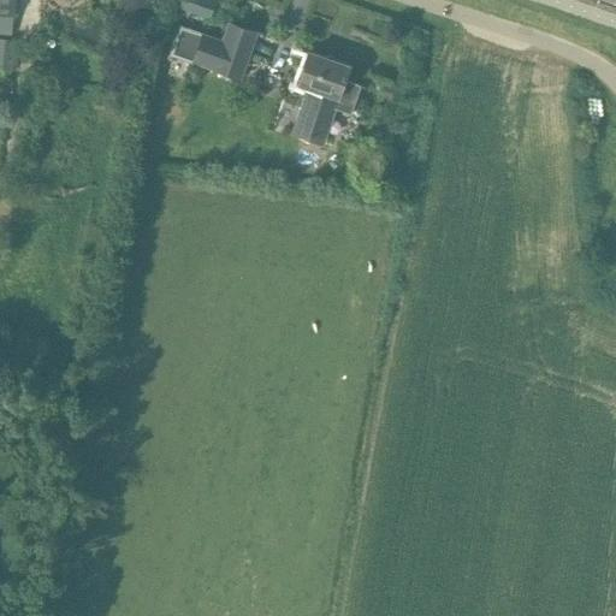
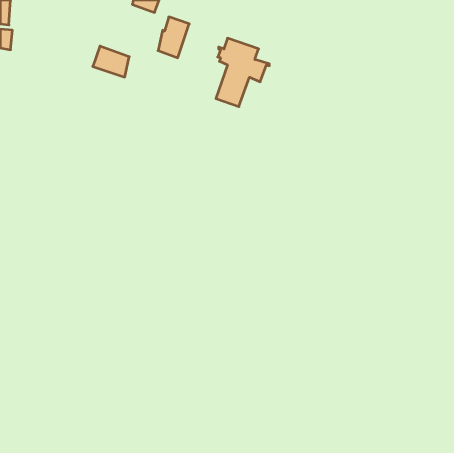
building: [171,28,220,70] -> [93,46,129,77]

